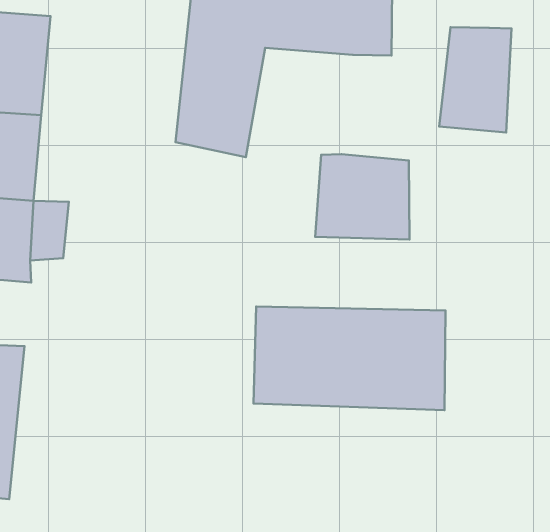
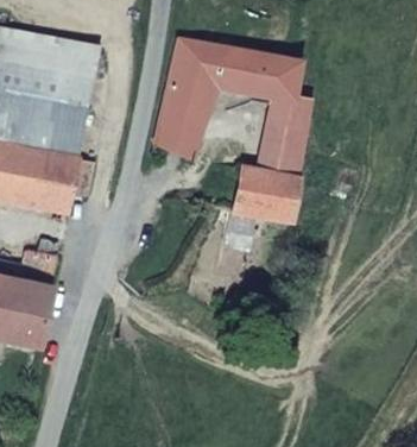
building: [439,27,511,133] -> [266,96,321,169]
building: [253,306,446,410] -> none

